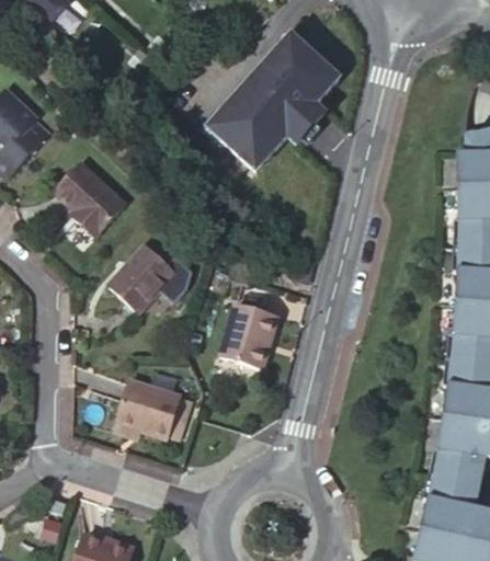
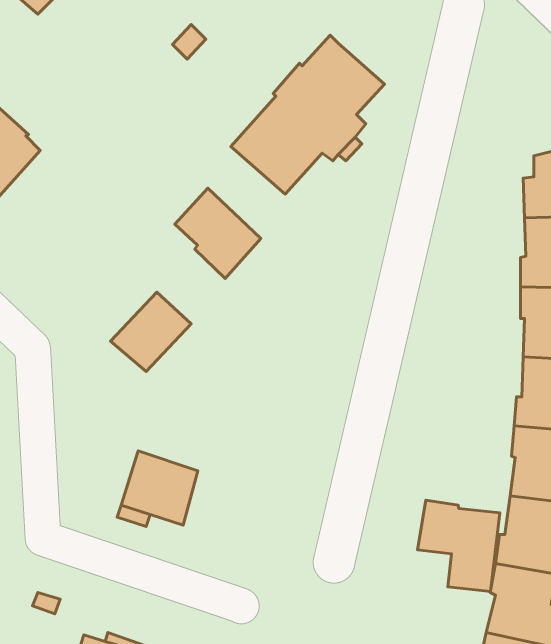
building: [57,162,128,237] -> [175,188,261,278]
building: [223,304,281,369] -> none
building: none -> [418,500,500,592]

